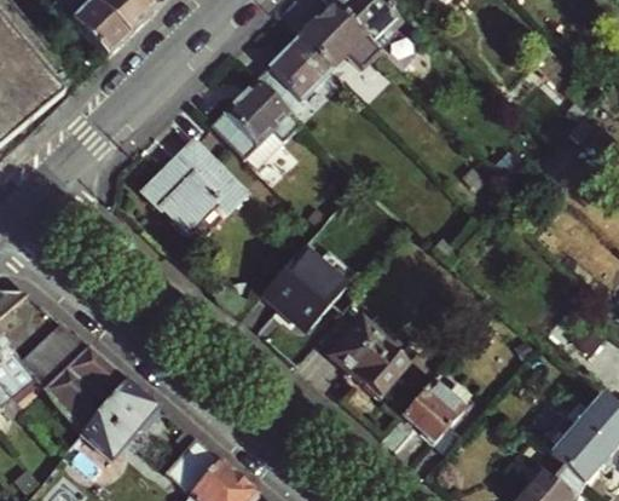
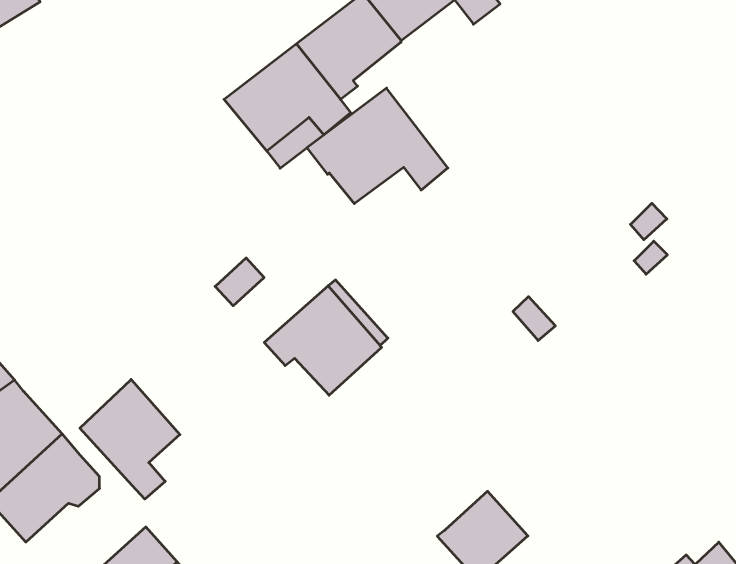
building: [144,143,245,228] -> [307,88,448,204]
building: [330,318,409,398] -> none
building: none -> [80,379,180,499]

